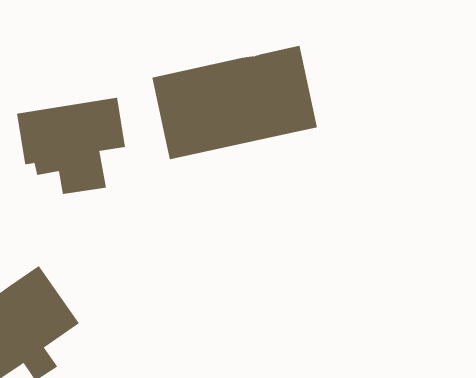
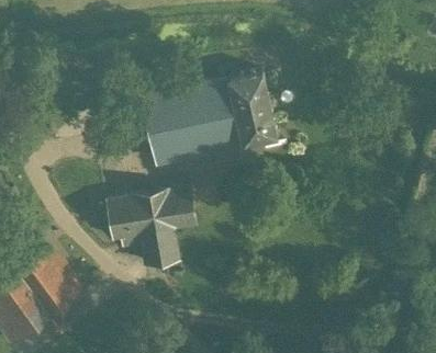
building: [16,97,126,194] -> [104,189,193,267]

